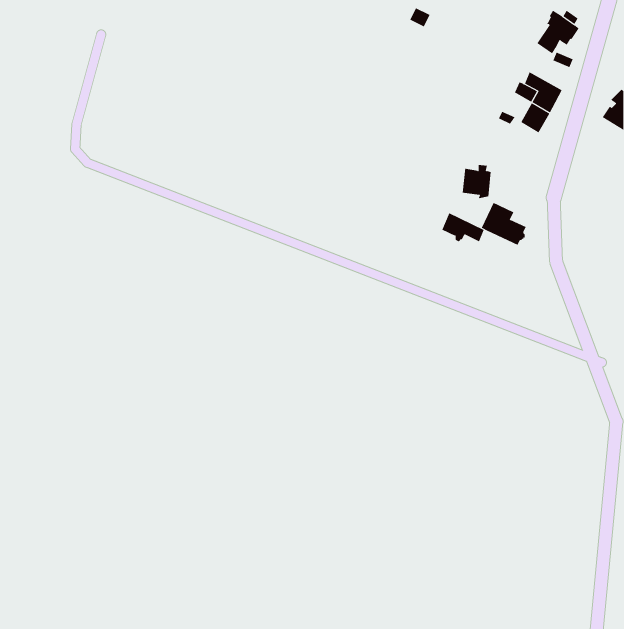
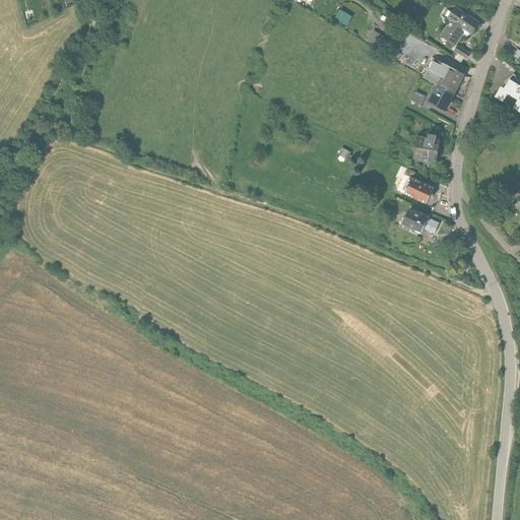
building: [462,164,492,199] -> [414,133,439,161]
building: [441,213,485,242] -> [402,208,438,233]

